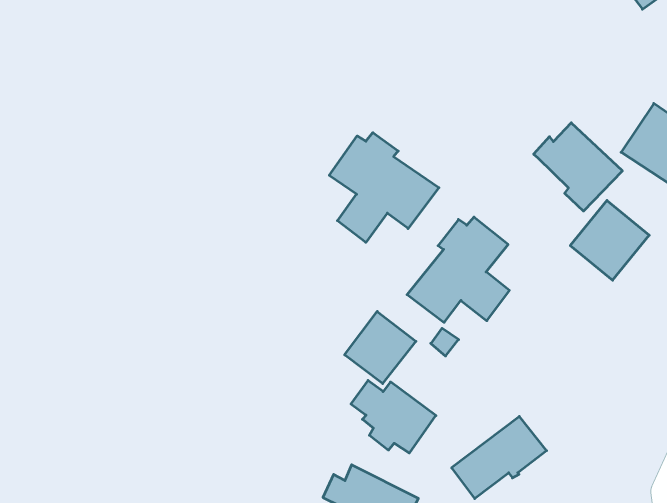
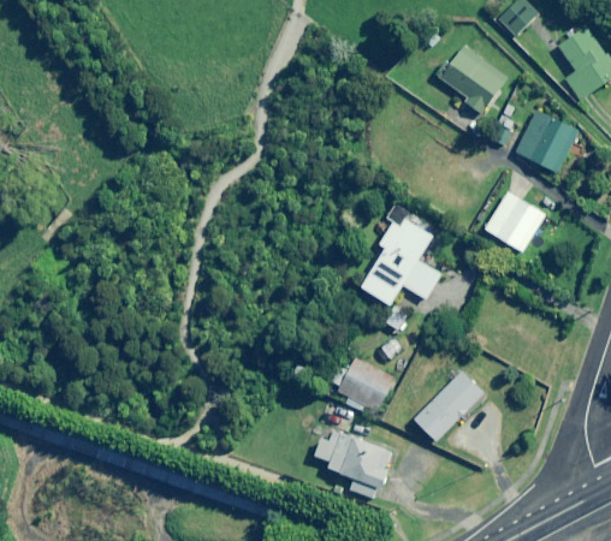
building: [534,123,622,211] -> [435,44,508,113]
building: [329,133,439,242] -> none
building: [345,311,416,384] -> none

